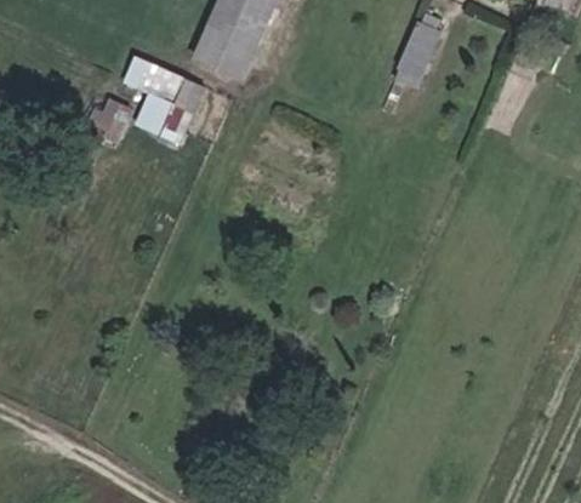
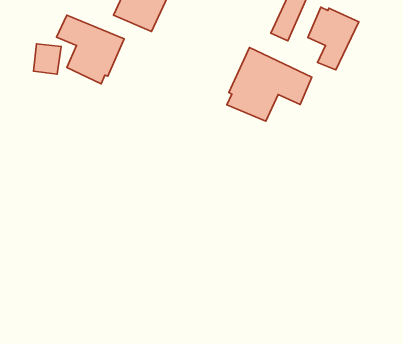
building: none -> [308,7,359,70]
building: none -> [227,47,312,121]

